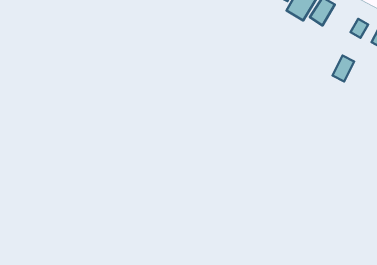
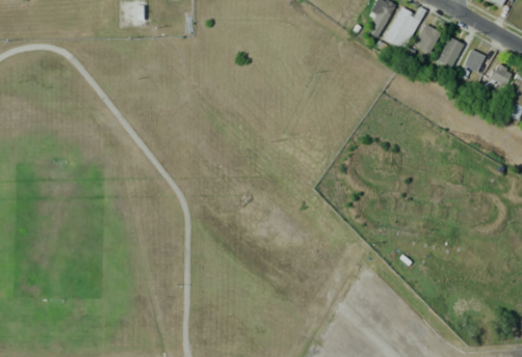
building: [333,56,354,81] -> [437,36,464,68]

